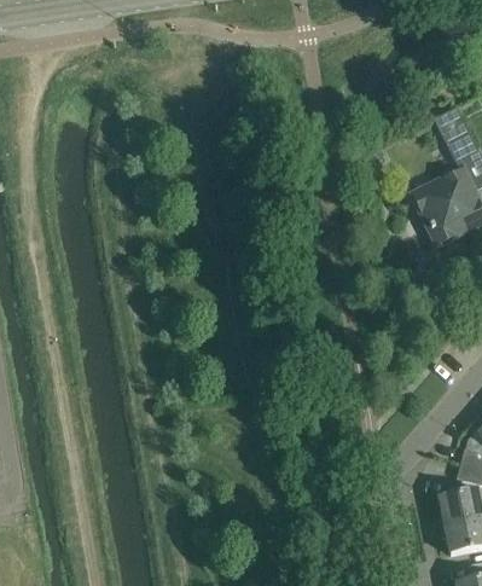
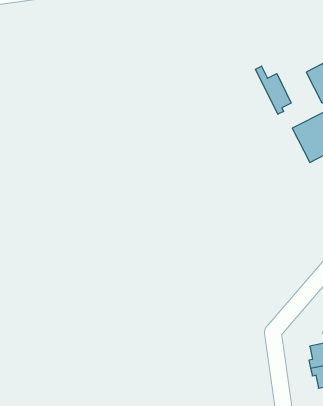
building: none -> [255,66,291,114]

